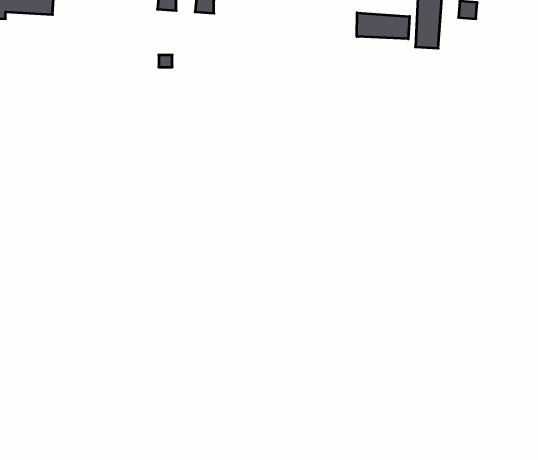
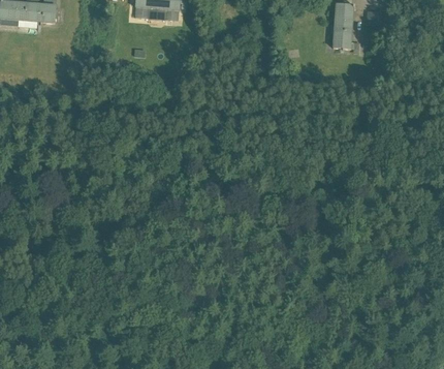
building: [357,13,410,39] -> none

